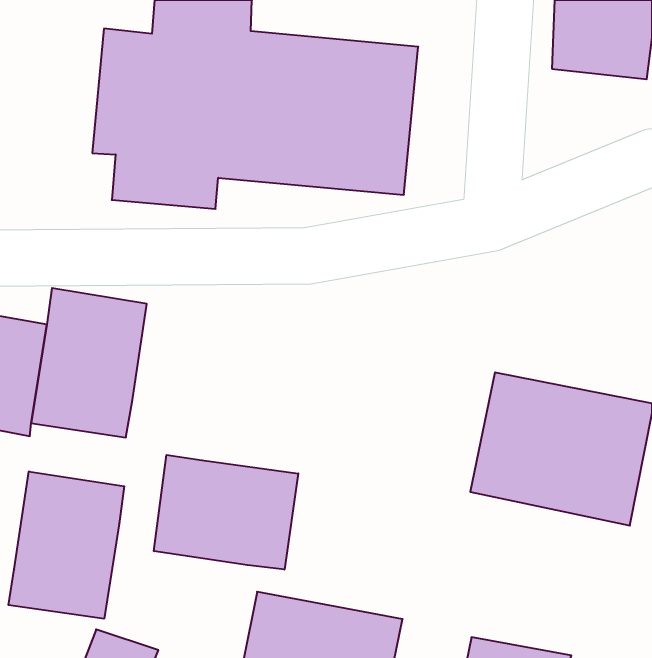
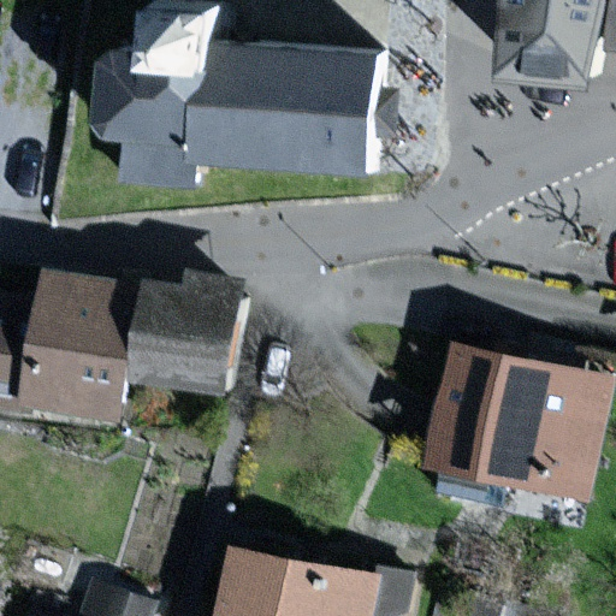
building: none -> [123,273,242,391]
building: [154,455,298,570] -> none
building: [8,471,124,619] -> none

